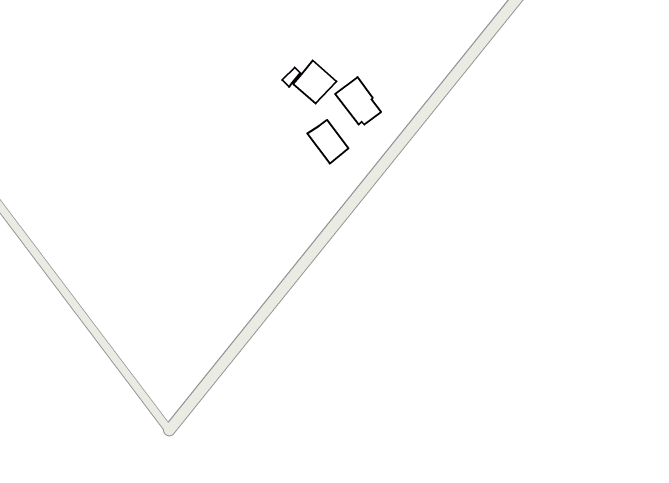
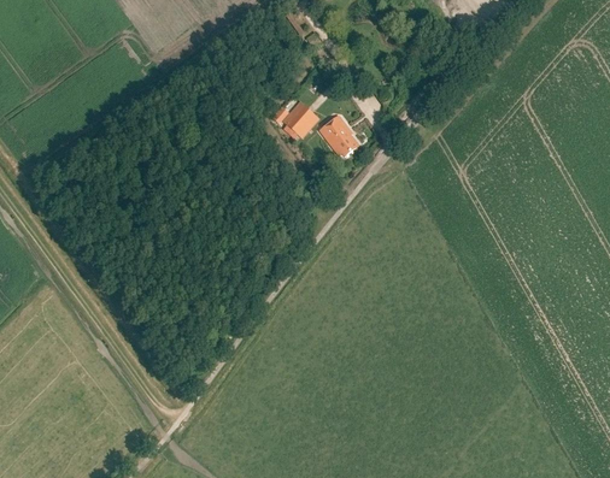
building: [307,120,348,164] -> none

